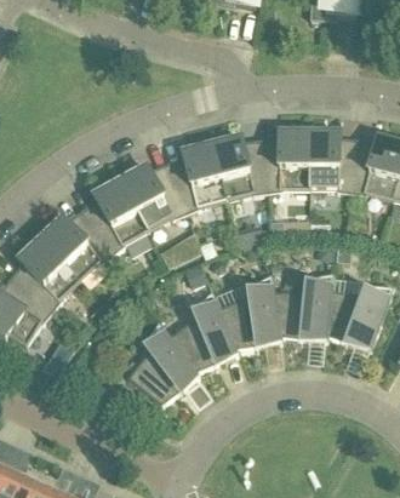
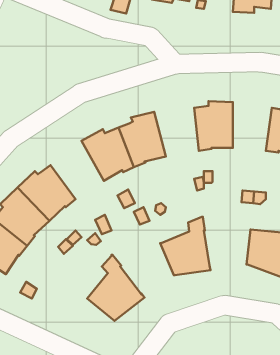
building: [312,132,360,193] -> none
building: [213,136,269,200] -> none
building: [84,181,150,253] -> none
building: [275,273,336,340] -> none
building: [171,291,240,372] -> none

